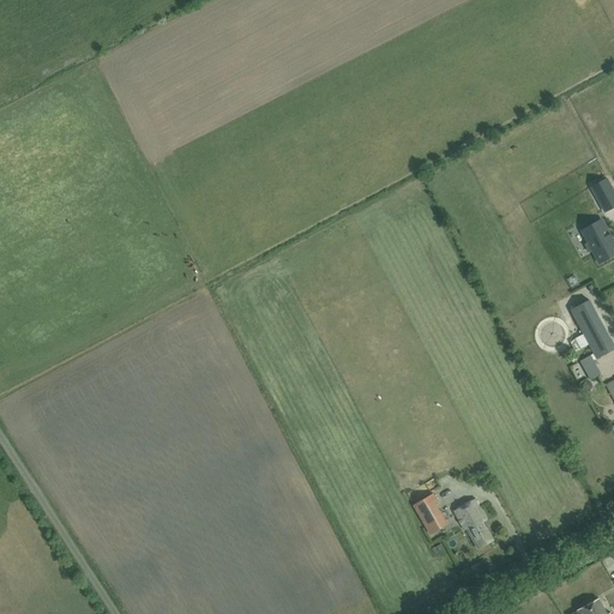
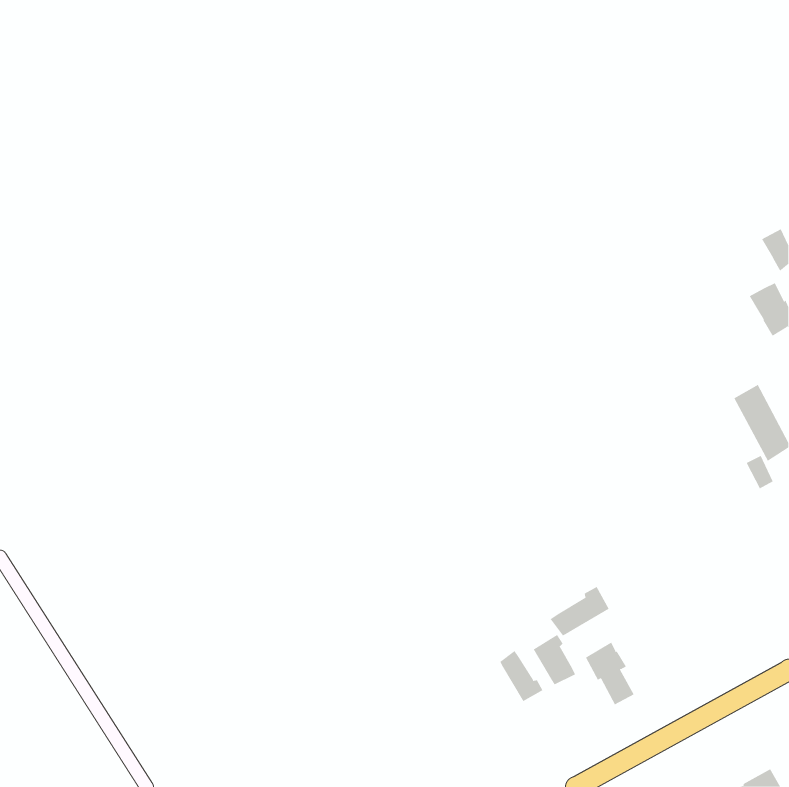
building: none -> [550,586,610,636]
building: none -> [499,650,543,702]

